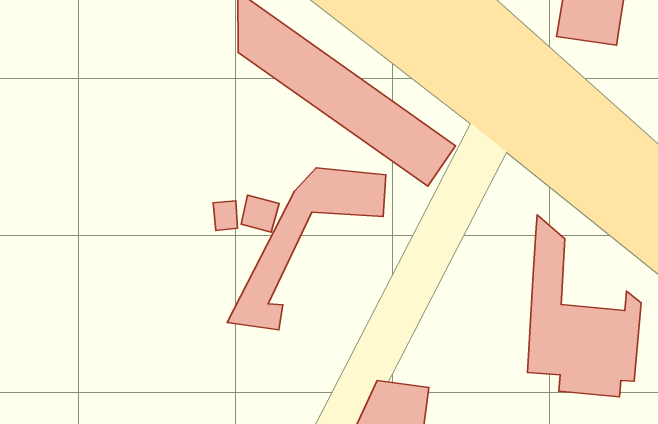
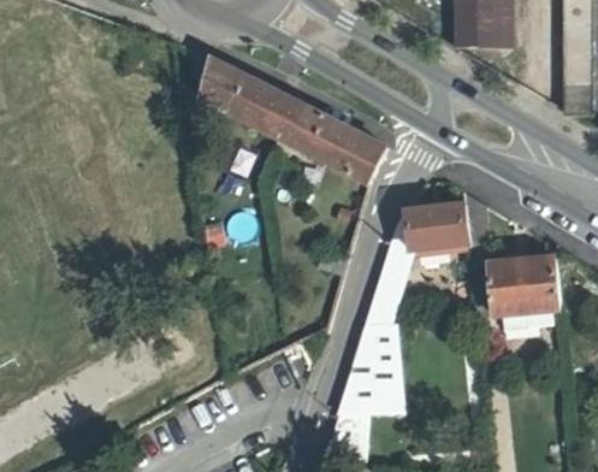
building: [227,168,386,330] -> [360,207,470,347]

